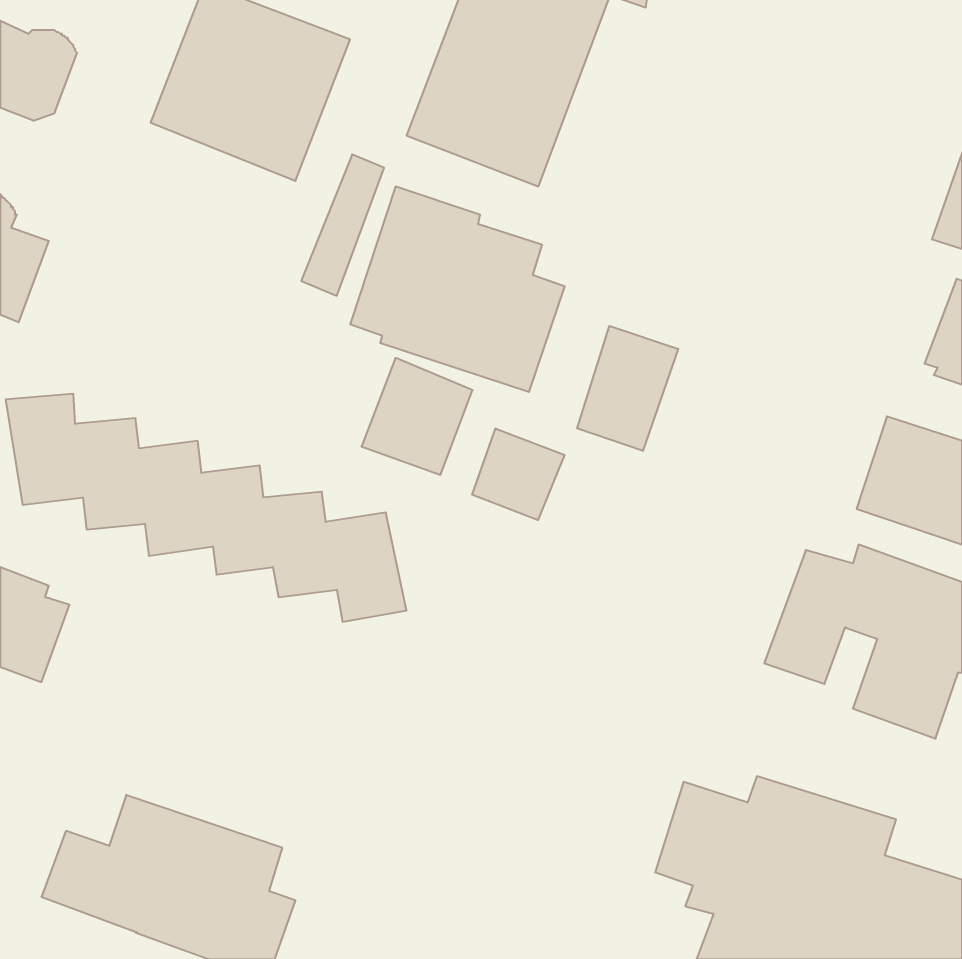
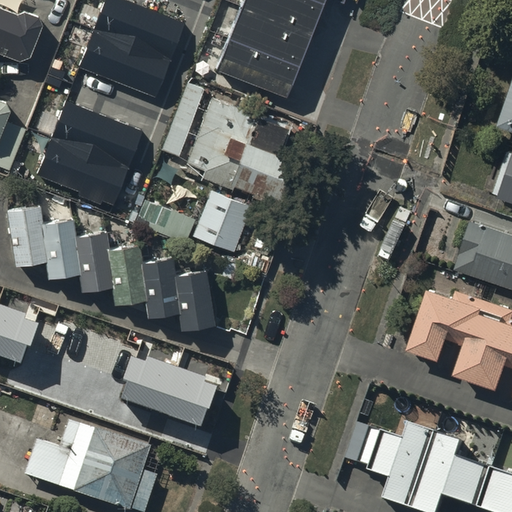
building: none -> [36,99,142,204]
building: [577,326,678,451] -> none
building: [472,428,564,520] -> none
building: none -> [120,350,218,425]

